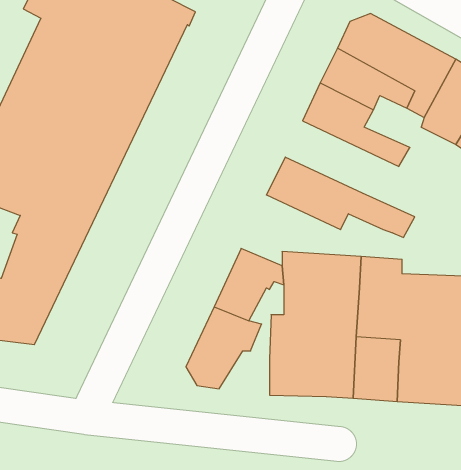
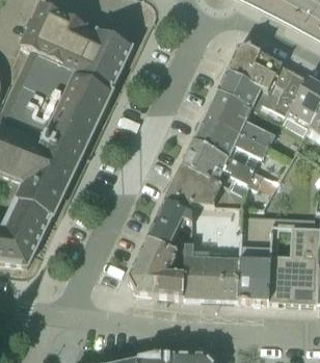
building: none -> [192,116,267,164]
building: none -> [163,165,243,212]
building: none -> [149,268,182,297]

